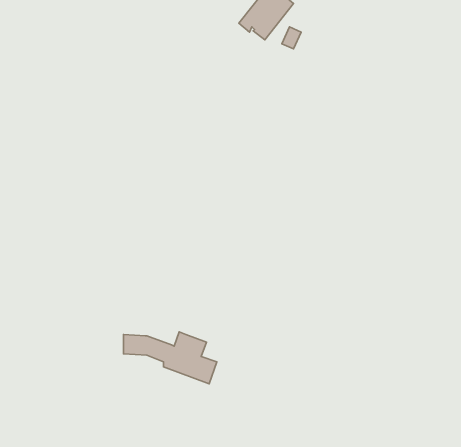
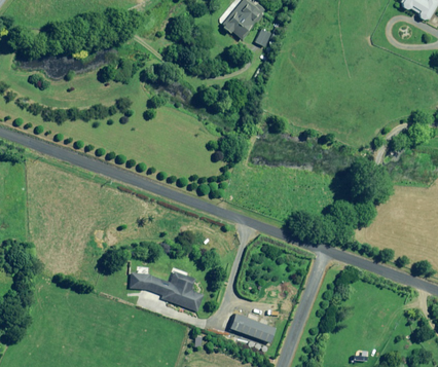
building: none -> [228,311,276,341]

